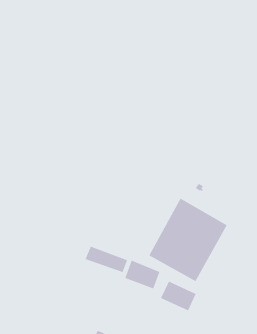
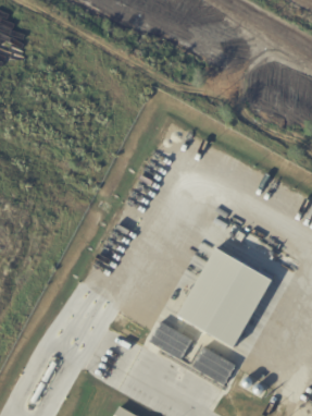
building: [85,246,128,273] -> none

